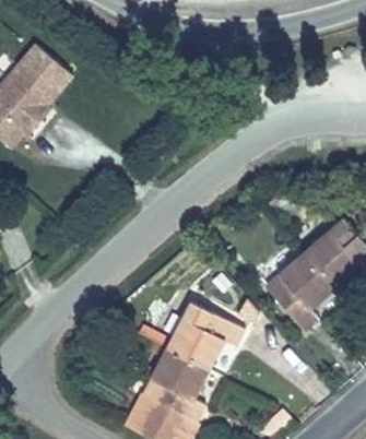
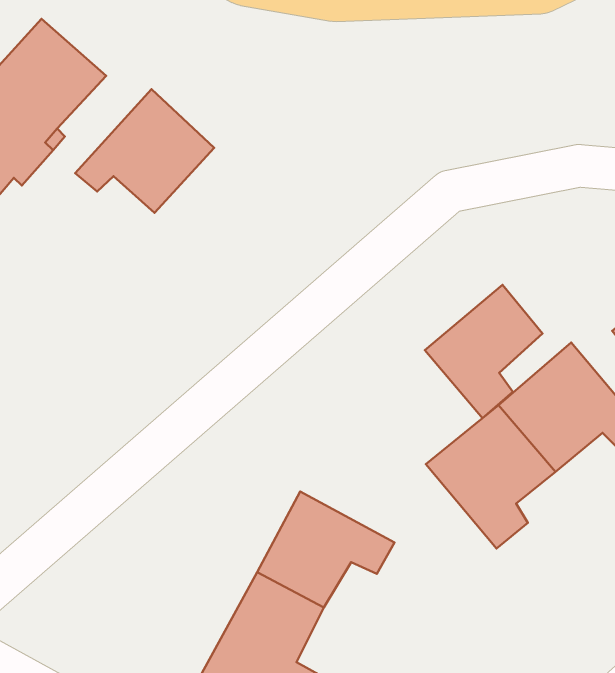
building: none -> [75,89,214,213]
building: none -> [425,285,542,418]

